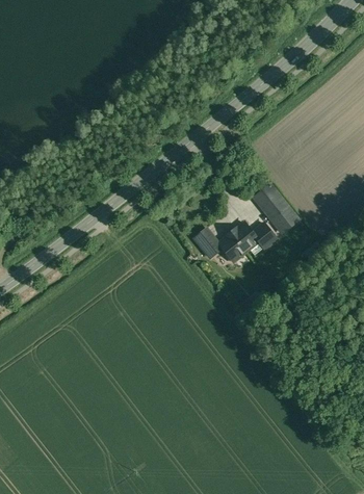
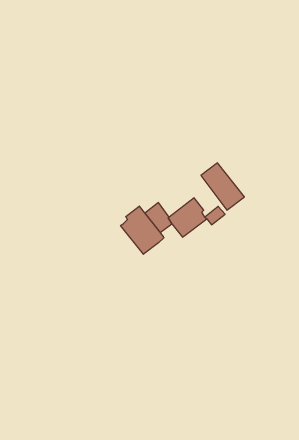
building: none -> [121,206,164,254]

